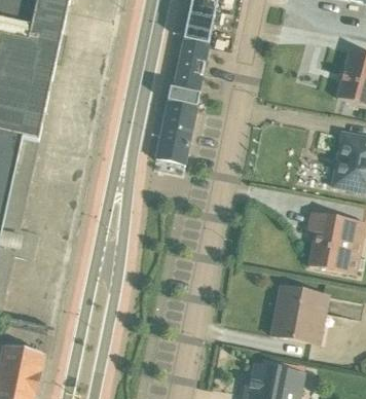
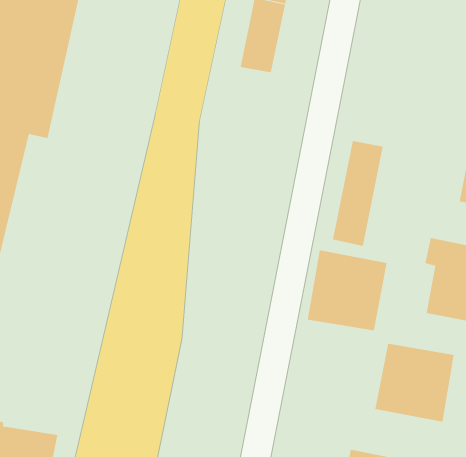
building: [160,87,197,164] -> [332,141,384,247]
building: none -> [307,250,387,331]

